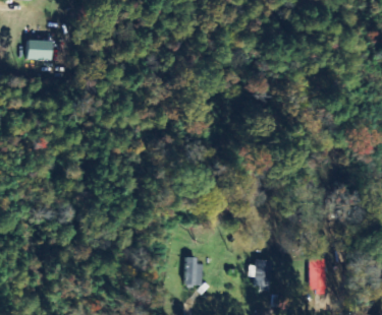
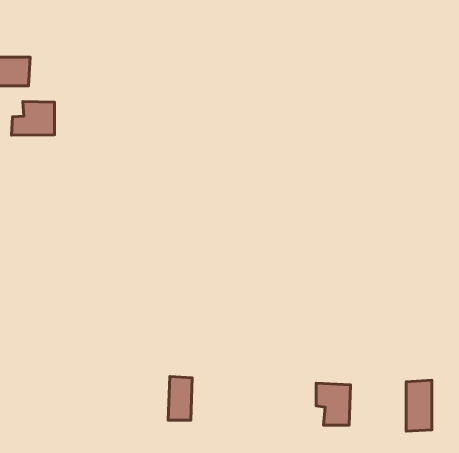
building: none -> [12,102,55,135]
building: [184,256,201,286] -> [168,376,192,420]

